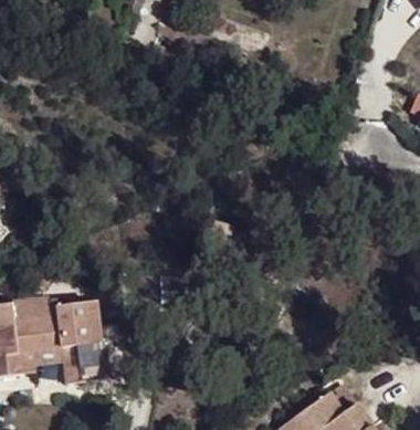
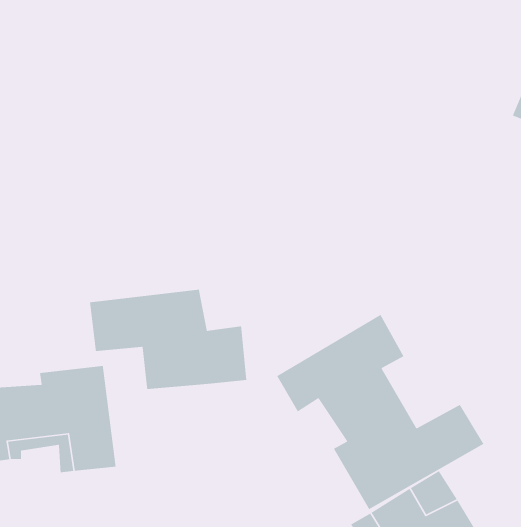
building: none -> [89,289,247,390]
building: none -> [276,314,484,510]

